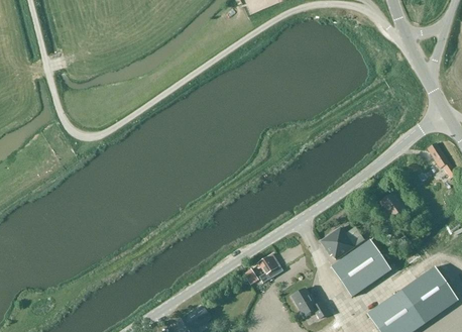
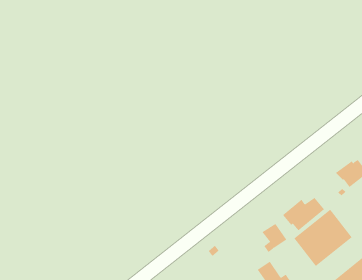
building: [258,254,283,284] -> [262,223,287,253]

